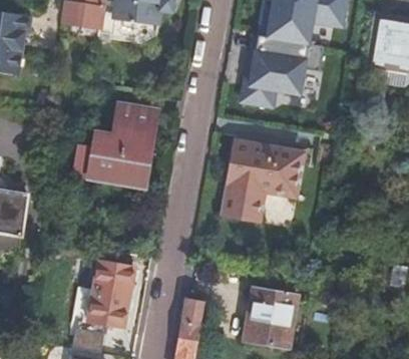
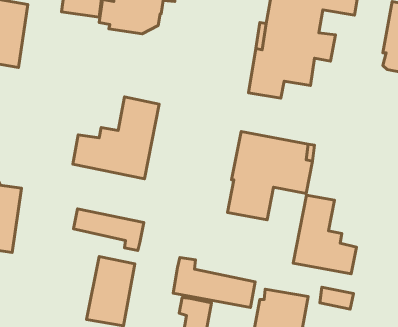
building: none -> [293,195,357,274]
building: none -> [74,209,144,250]
building: none -> [173,257,255,307]

